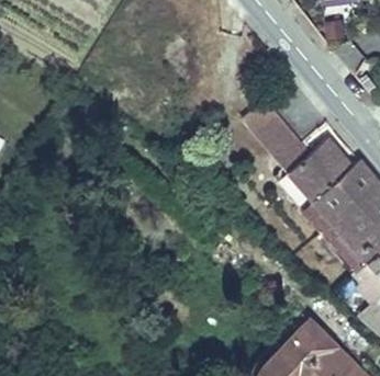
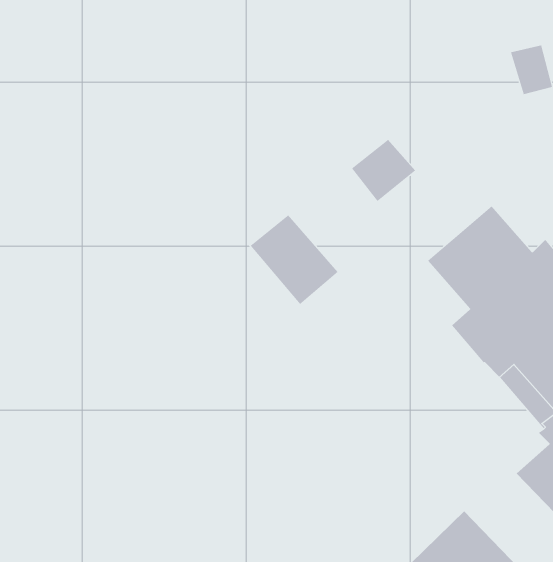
building: [257,117,310,171] -> [250,214,339,305]

